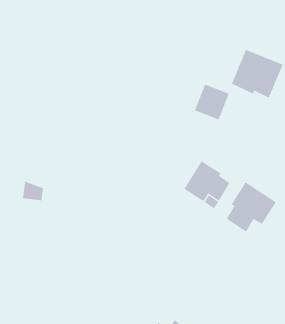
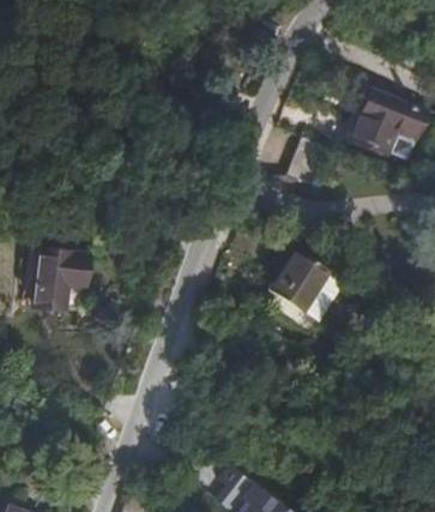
building: none -> [38,252,90,291]
building: [226,182,277,233] -> none

